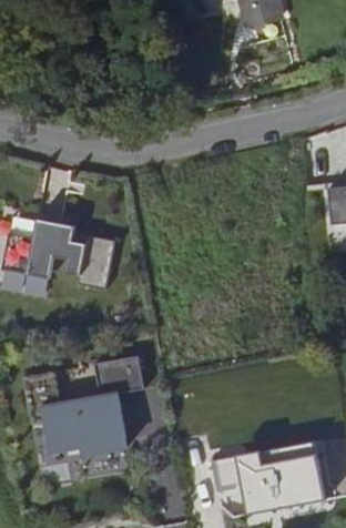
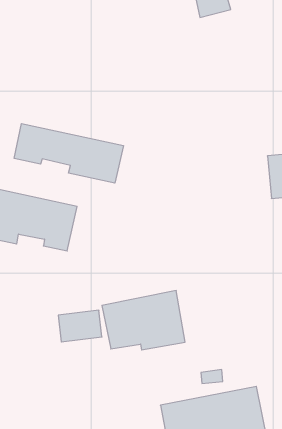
building: none -> [14,124,123,183]
building: [35,390,129,457] -> [102,291,185,350]

